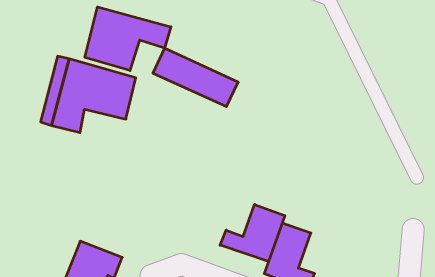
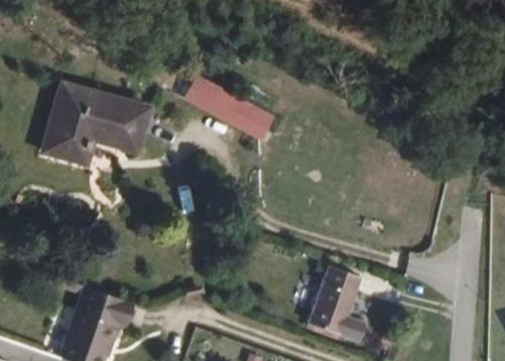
building: [85,7,171,71] -> none
building: [220,204,285,262] -> none

